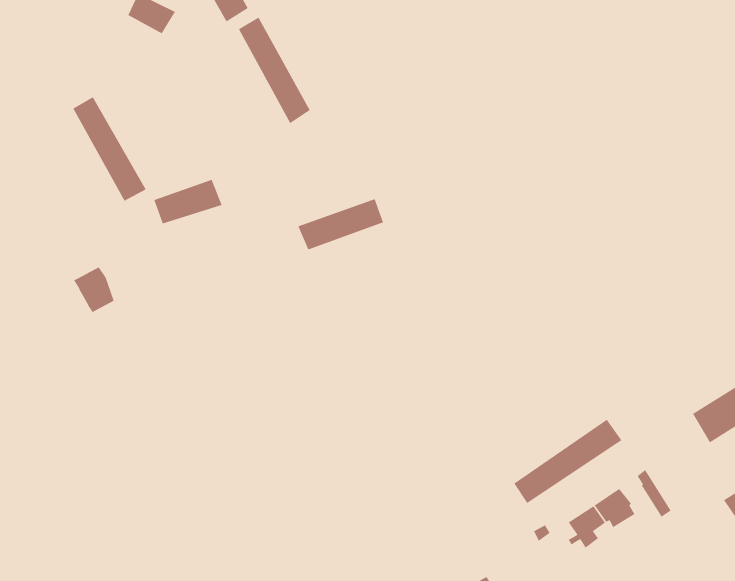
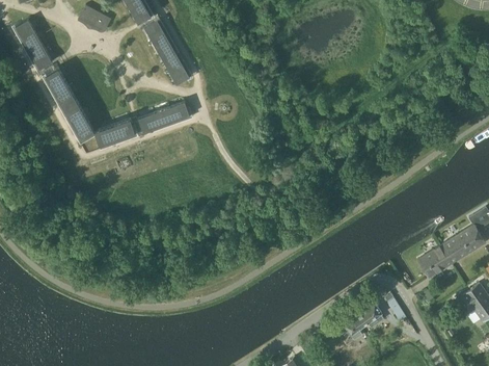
building: none -> [15,19,53,69]
building: [298,198,384,250] -> [138,101,190,132]
building: [73,266,115,313] -> [75,124,100,152]
building: [514,419,622,504] -> none

